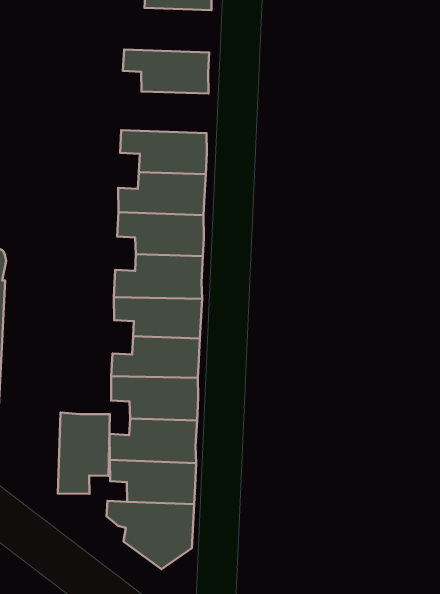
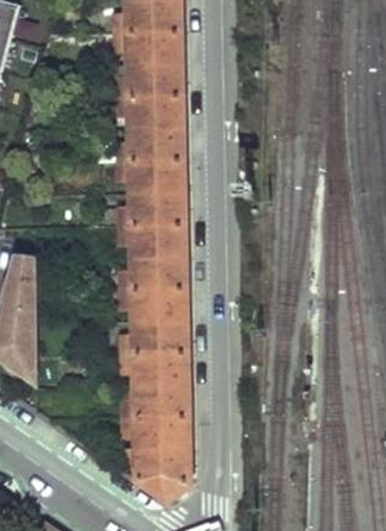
building: none -> [115,63,183,97]
building: none -> [116,128,184,160]
building: [58,412,110,494] -> none

